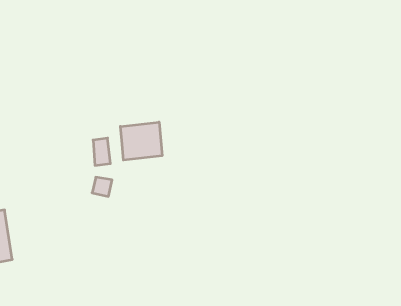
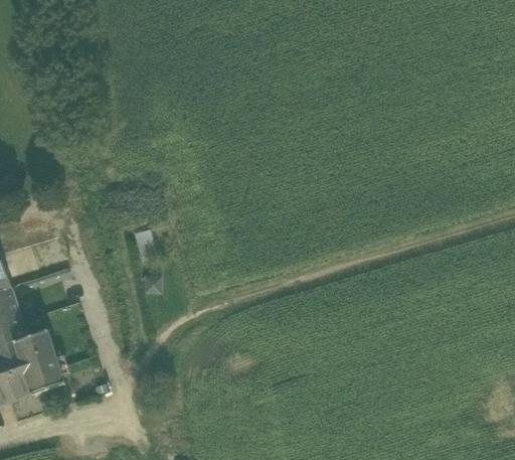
building: [120,122,162,160] -> none

